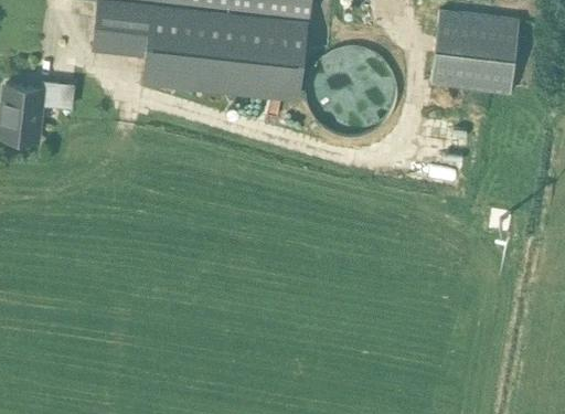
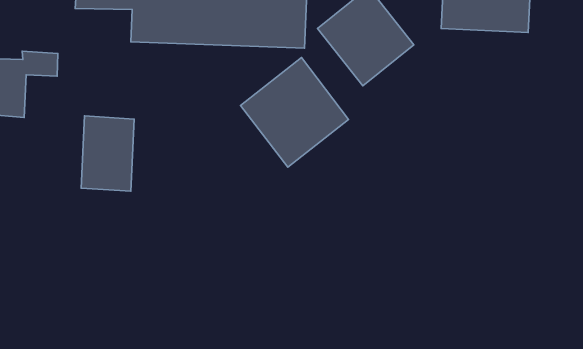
building: none -> [241,58,349,167]
building: none -> [81,116,134,191]

